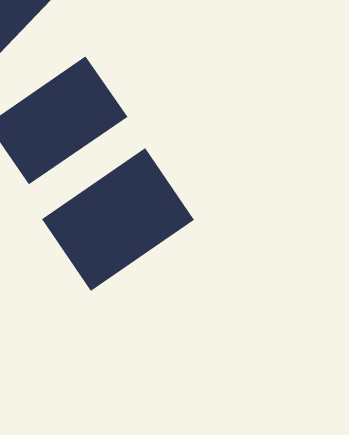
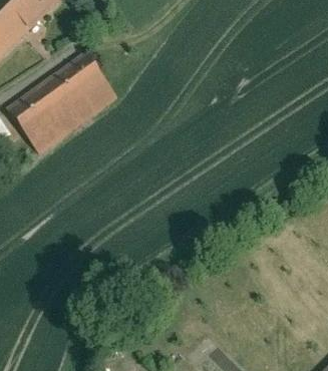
building: [41,147,195,292] -> none

